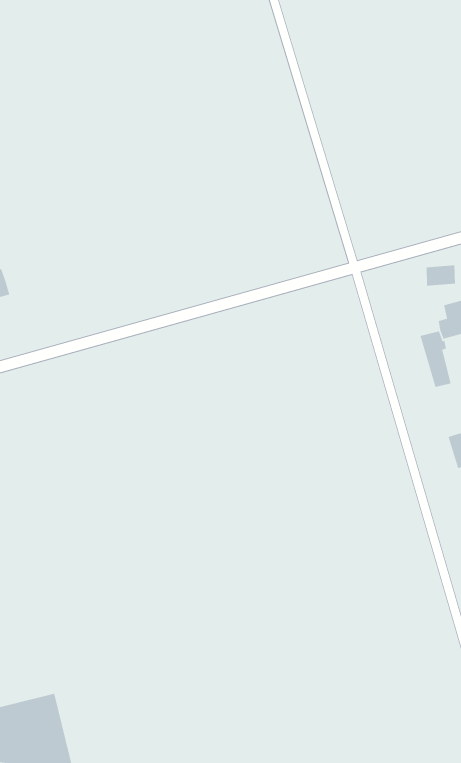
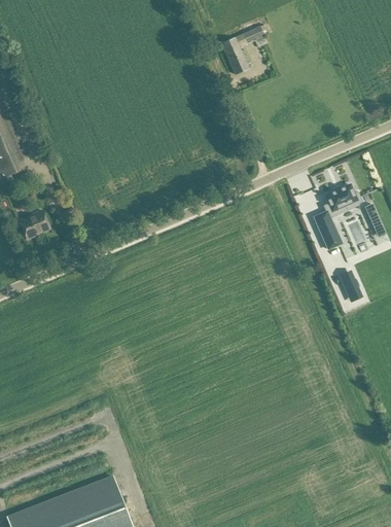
building: none -> [221,25,266,74]

